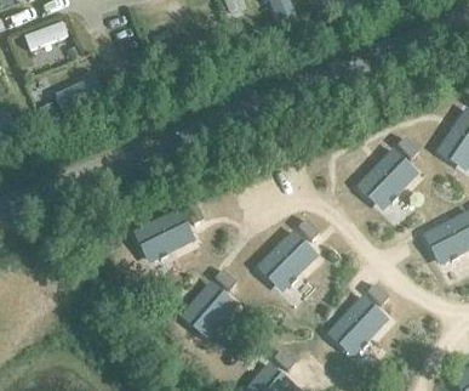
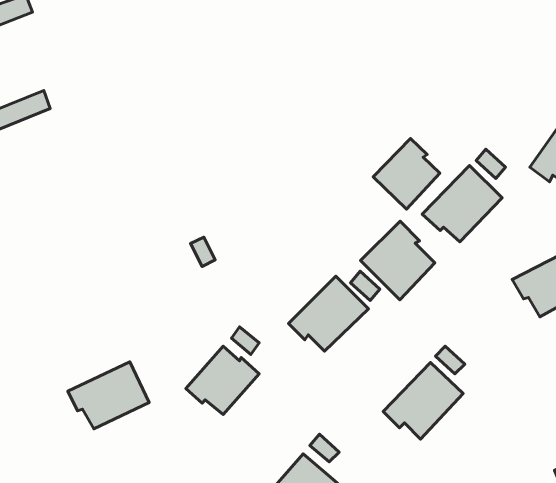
building: none -> [373,139,440,209]
building: none -> [361,221,435,300]
building: [135,210,195,260] -> [68,362,149,429]

